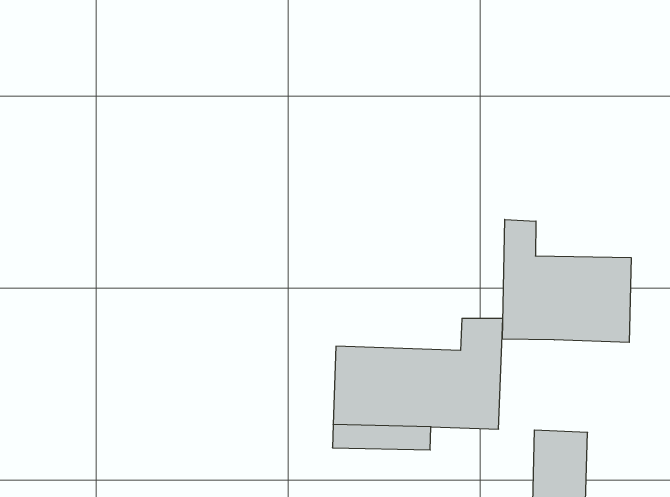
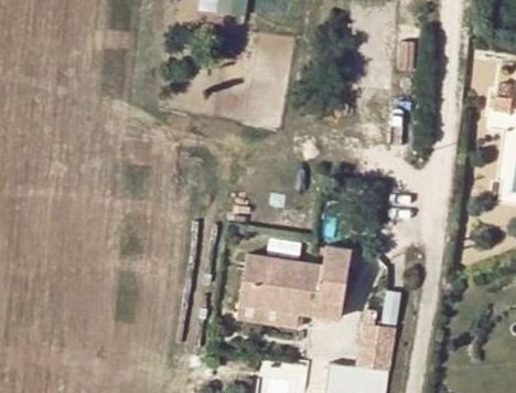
building: [502,219,631,342] -> none

